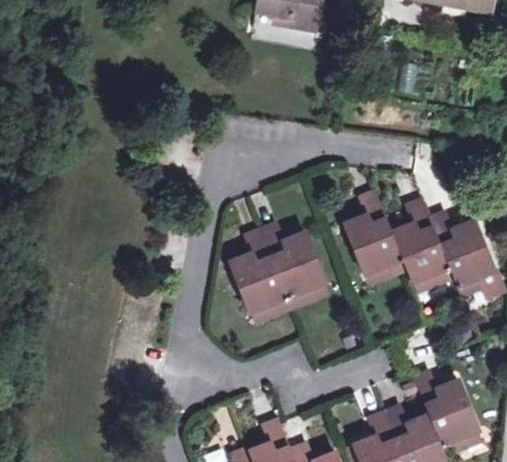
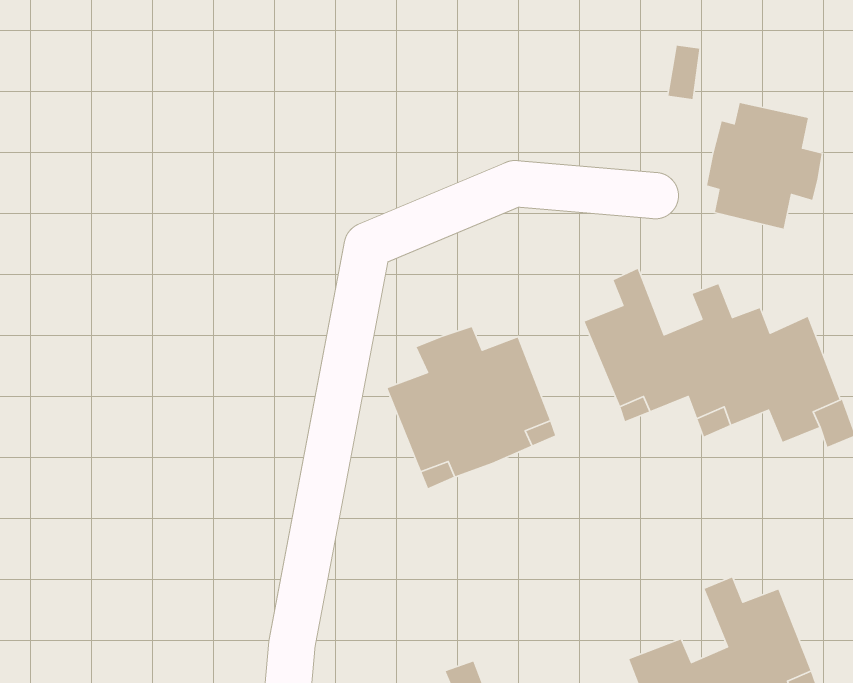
building: none -> [706,102,822,229]

